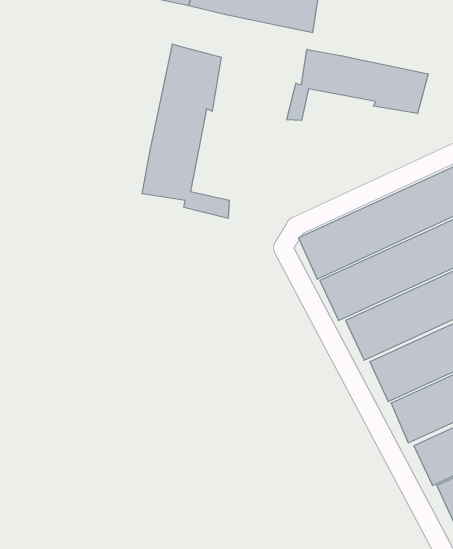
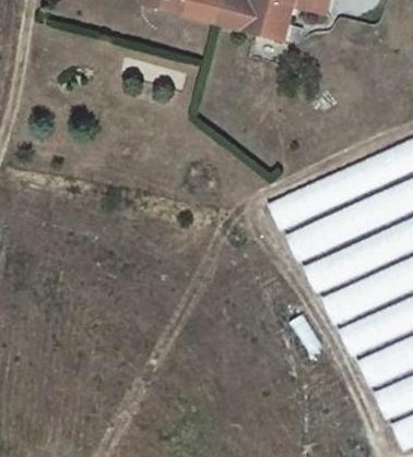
building: [142,44,229,218] -> none
building: [287,49,428,120] -> none

